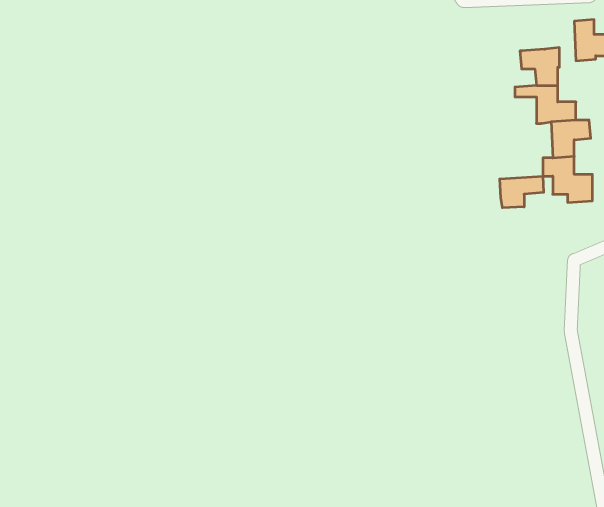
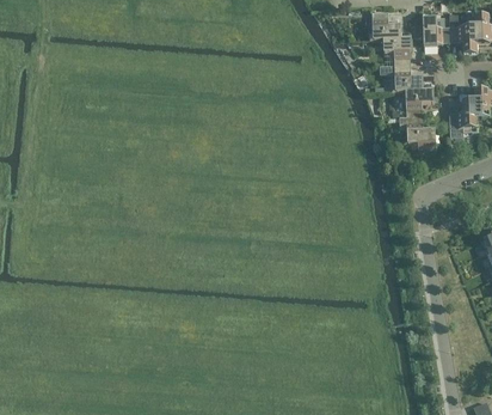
building: none -> [373,13,401,41]
building: [500,176,544,208] -> none

